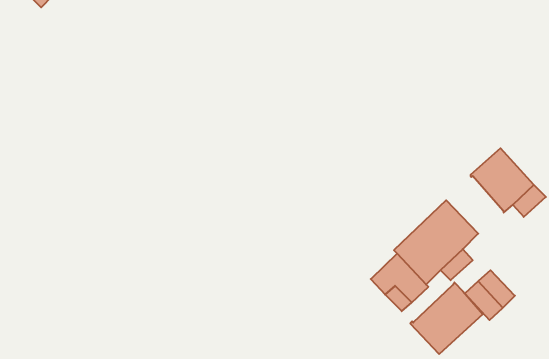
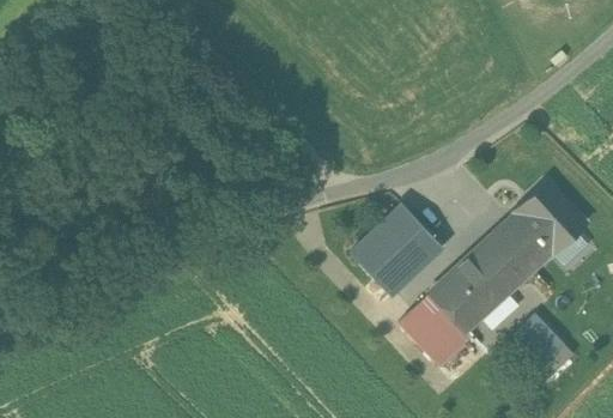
building: none -> [348,202,442,296]
building: none -> [487,213,548,275]
building: [411,282,483,354] -> none

